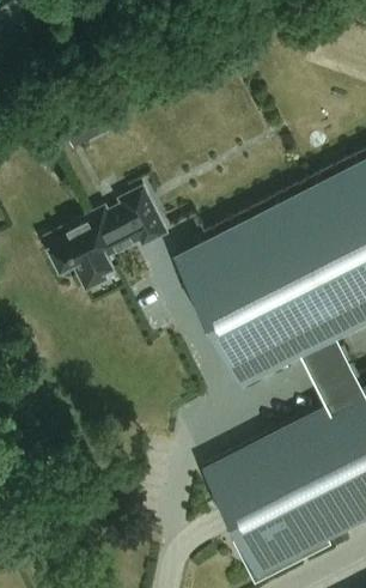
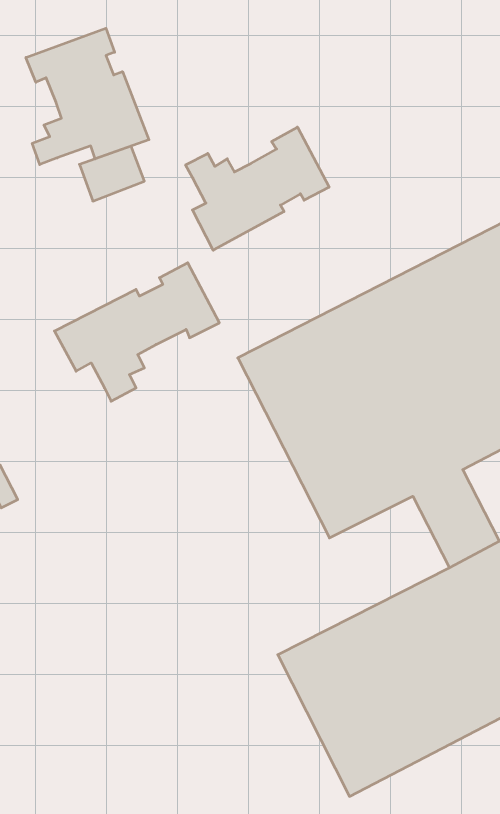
building: none -> [26,28,149,165]
building: none -> [186,127,329,250]

